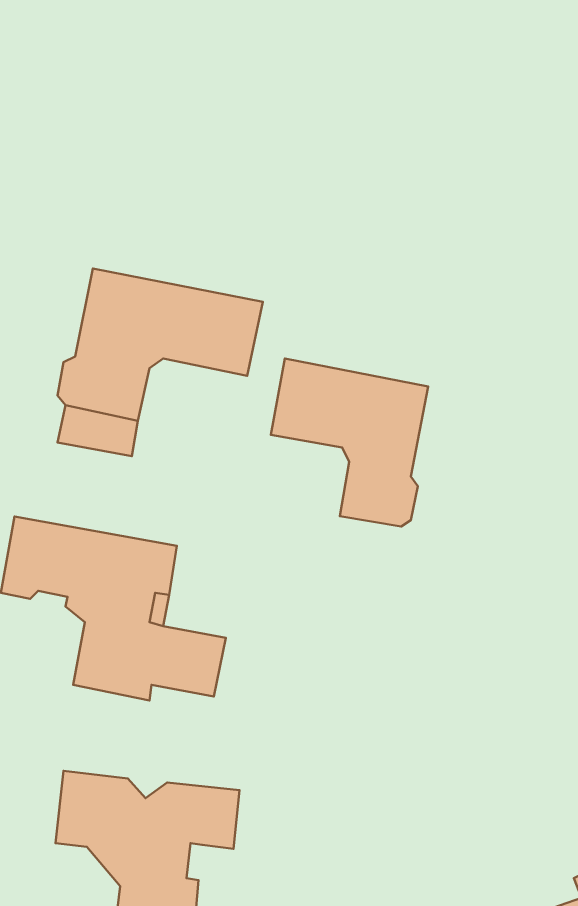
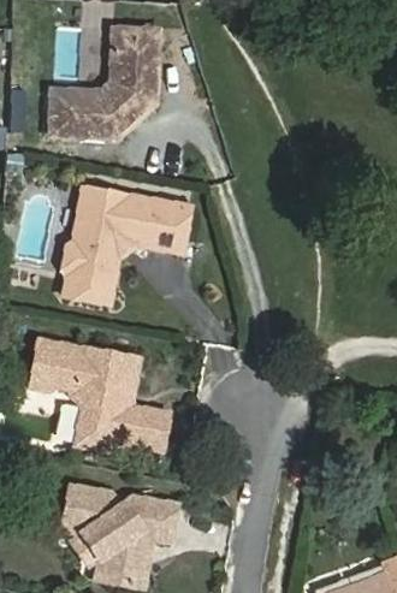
building: none -> [49,28,156,136]
building: [271,359,428,527] -> none

